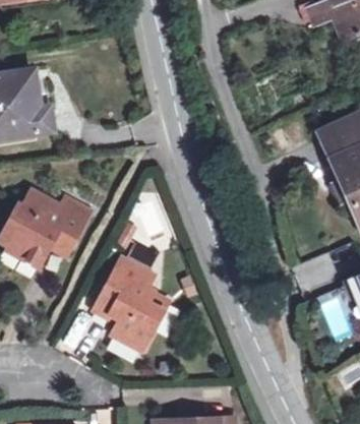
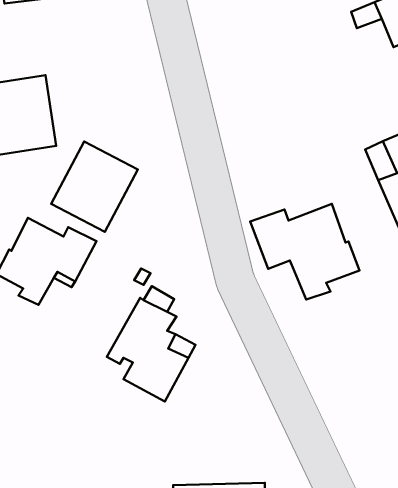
building: none -> [51,141,138,232]
building: none -> [250,204,359,299]

